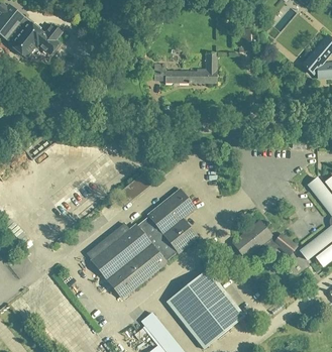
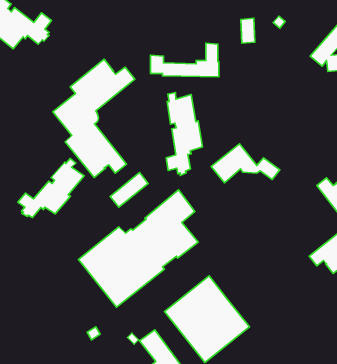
building: none -> [53,59,135,177]
building: none -> [166,92,202,175]
building: none -> [18,158,84,218]
building: [233,220,297,256] -> [211,144,280,183]

